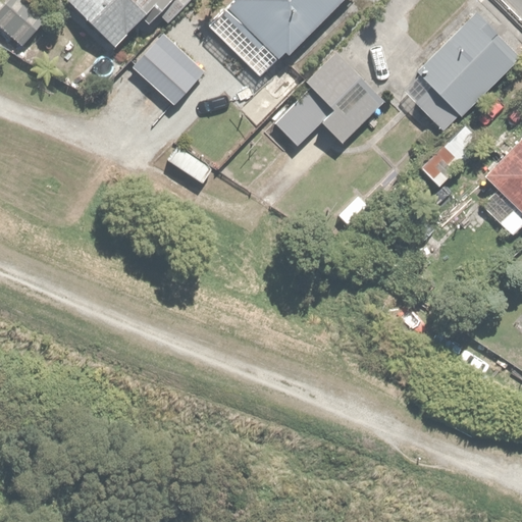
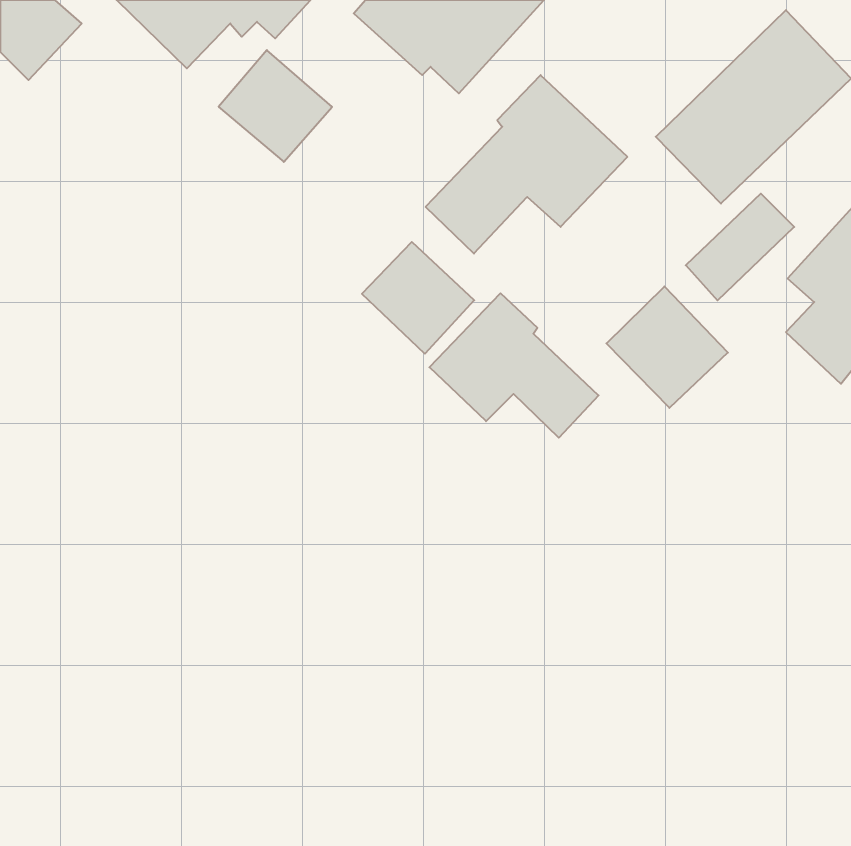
building: none -> [362,242,474,354]
building: none -> [606,286,728,408]
building: none -> [429,293,599,438]

